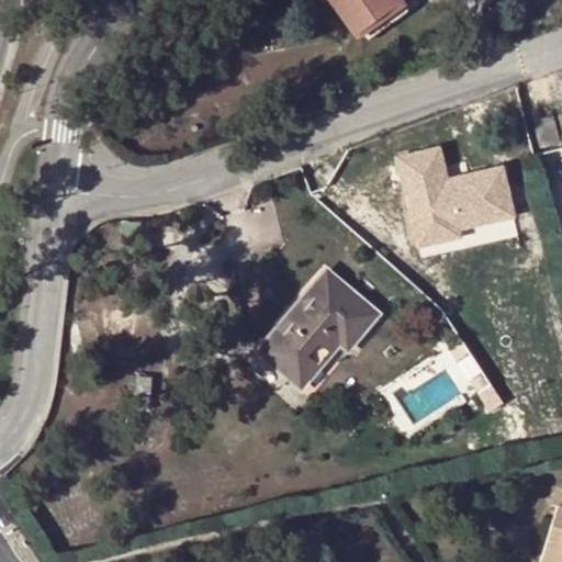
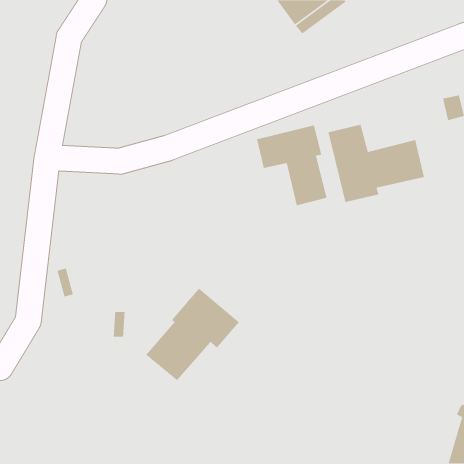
building: none -> [256,124,327,206]
building: [263,270,378,383] -> [145,287,240,381]

